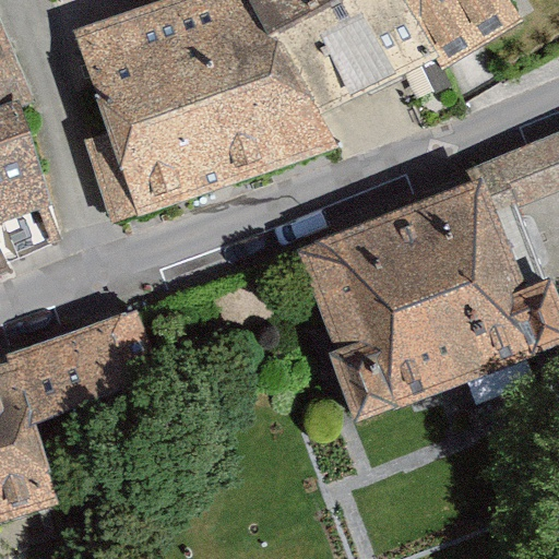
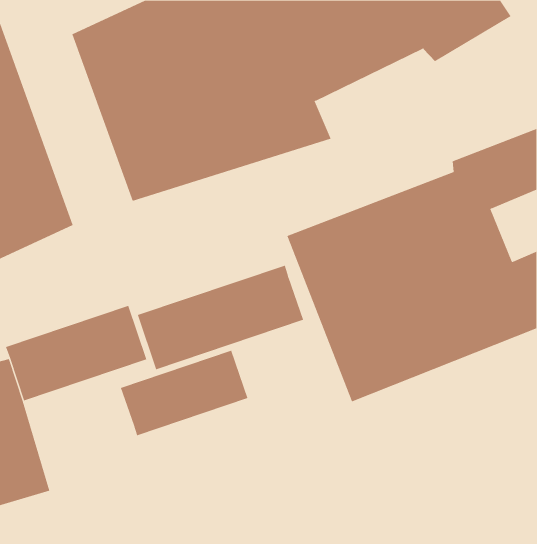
building: none -> [137,265,304,370]
building: none -> [120,350,248,436]

